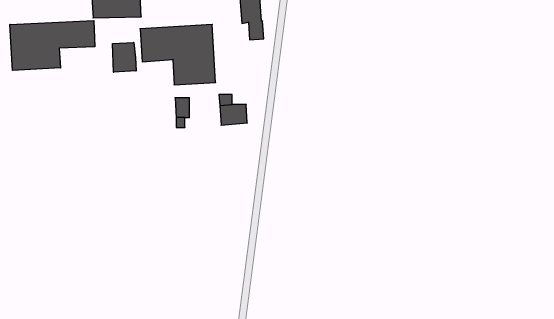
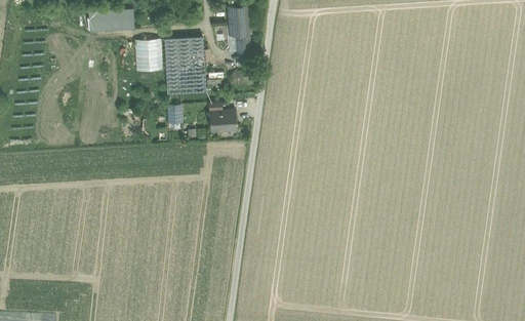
building: [10,21,95,70] -> none
building: [113,42,136,72] -> none

